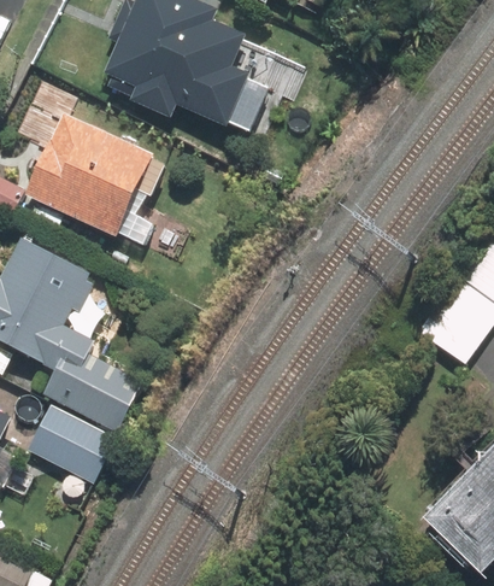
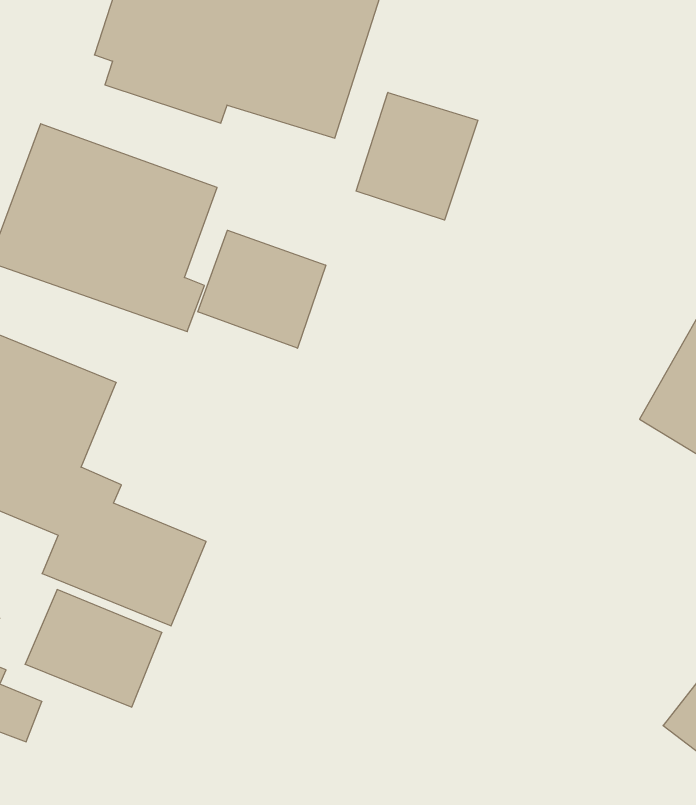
building: none -> [356,92,478,220]
building: none -> [198,230,326,348]

